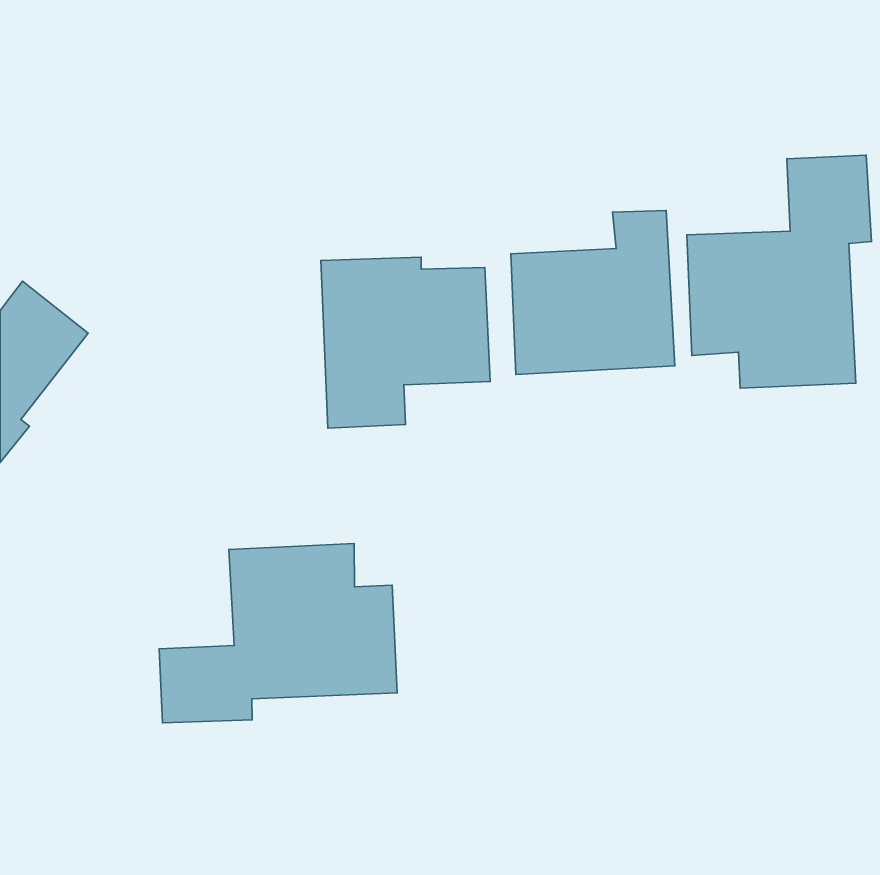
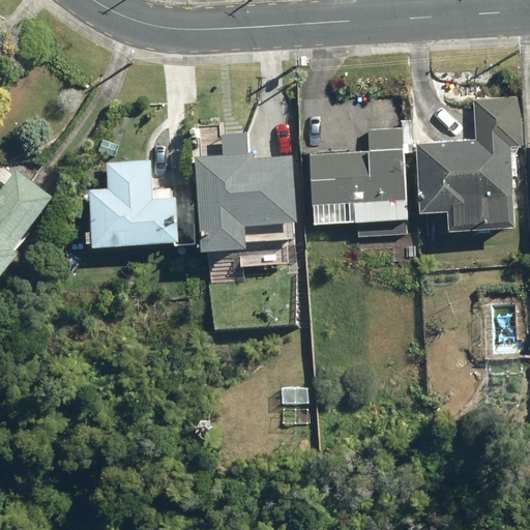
building: none -> [86,159,195,251]
building: [159,543,397,723] -> none

